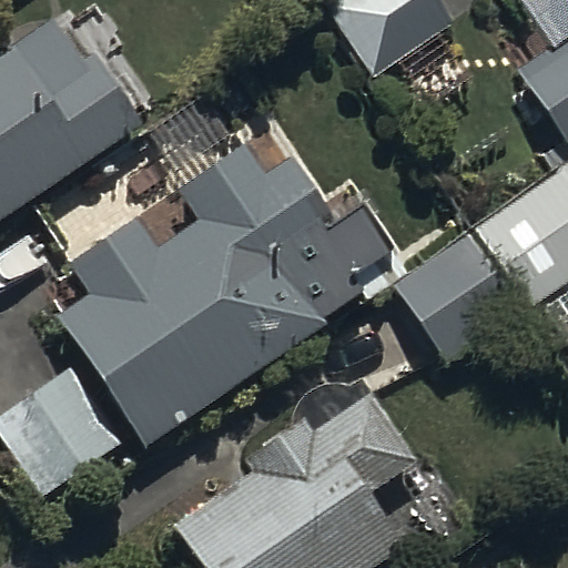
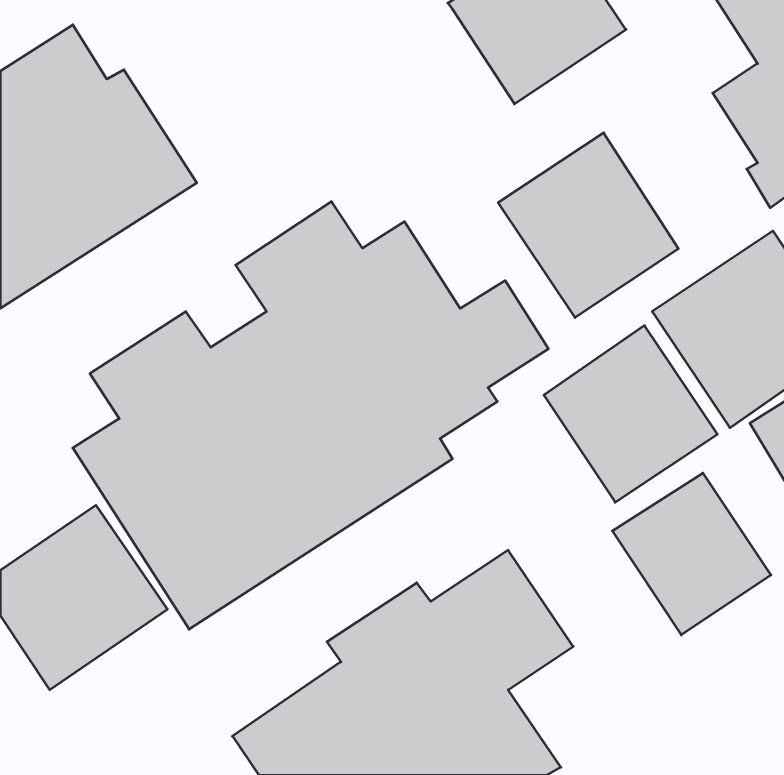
building: none -> [498,133,678,318]
building: none -> [612,473,771,635]

